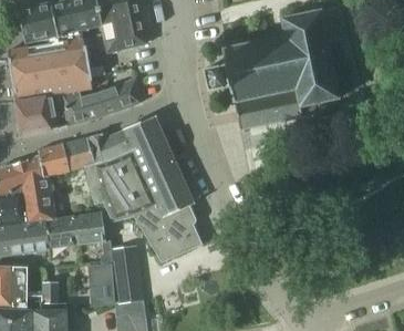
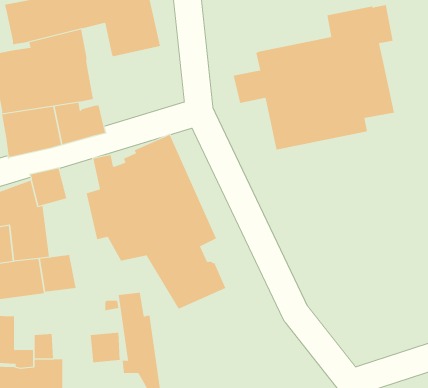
building: [95,79,139,115] -> none
building: [62,136,95,169] -> none
building: [71,211,103,244] -> none

